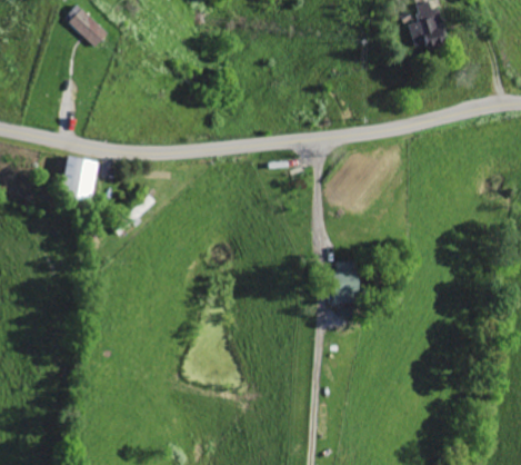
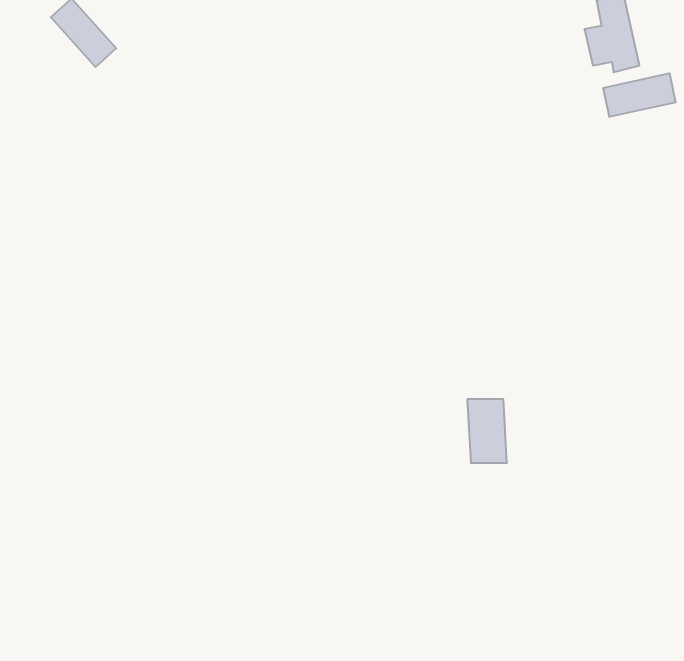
building: none -> [603,73,676,117]
building: [64,156,99,198] -> none

